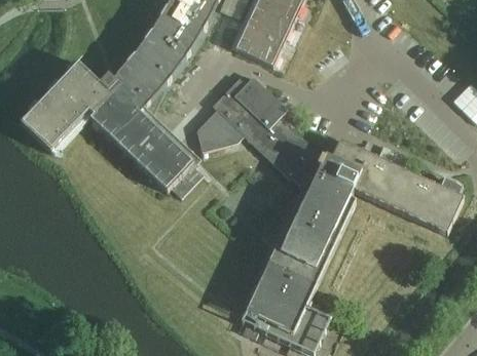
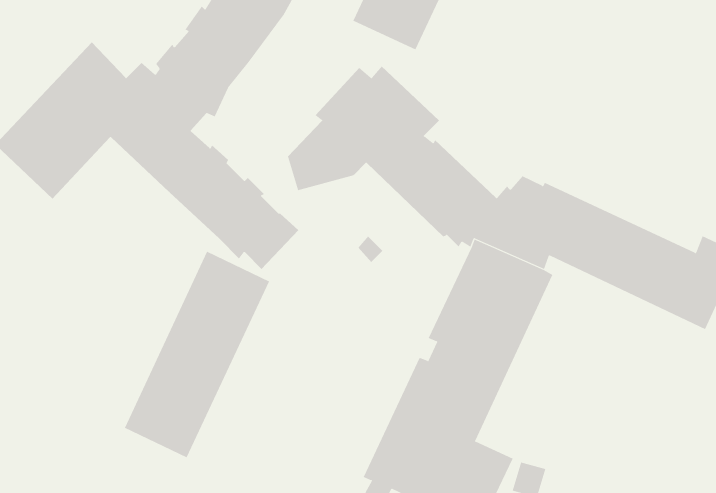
building: none -> [124,251,270,458]

